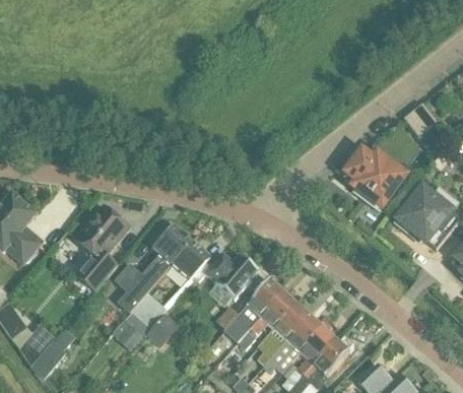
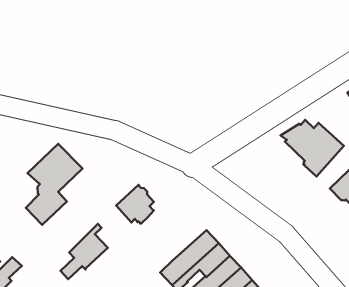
building: [116,222,192,310] -> none
building: [205,251,257,298] -> none
building: [145,312,180,346] -> none

